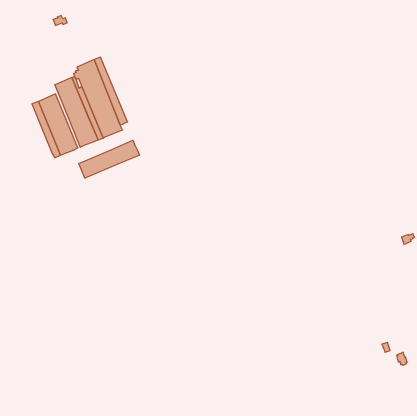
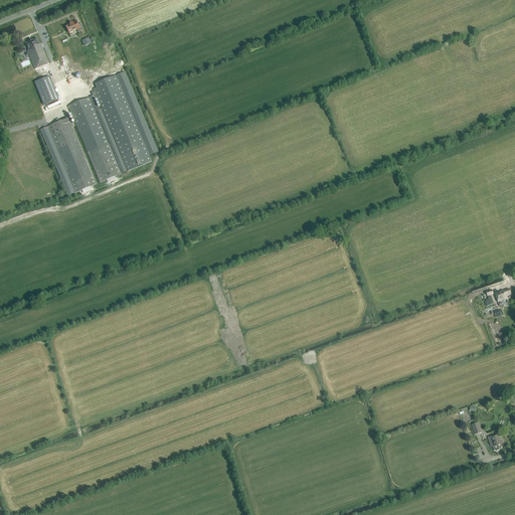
building: none -> [25,37,48,67]
building: none -> [34,74,58,105]
building: [79,140,139,178] -> none

